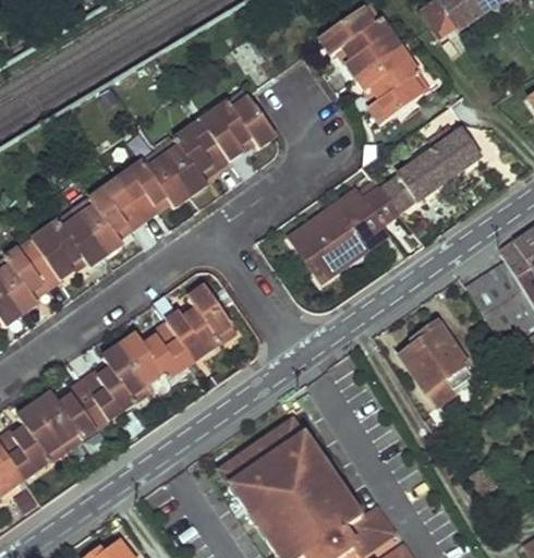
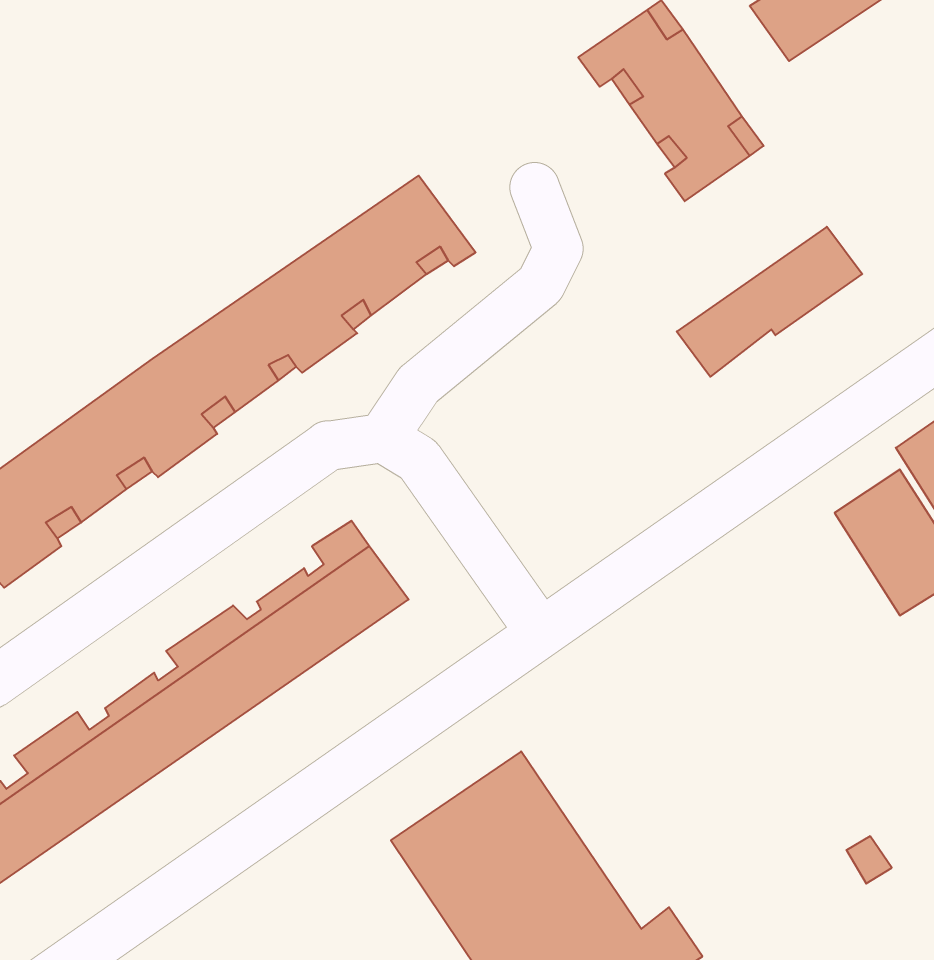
building: [287,185,398,281] -> none
building: [402,319,473,402] -> none

